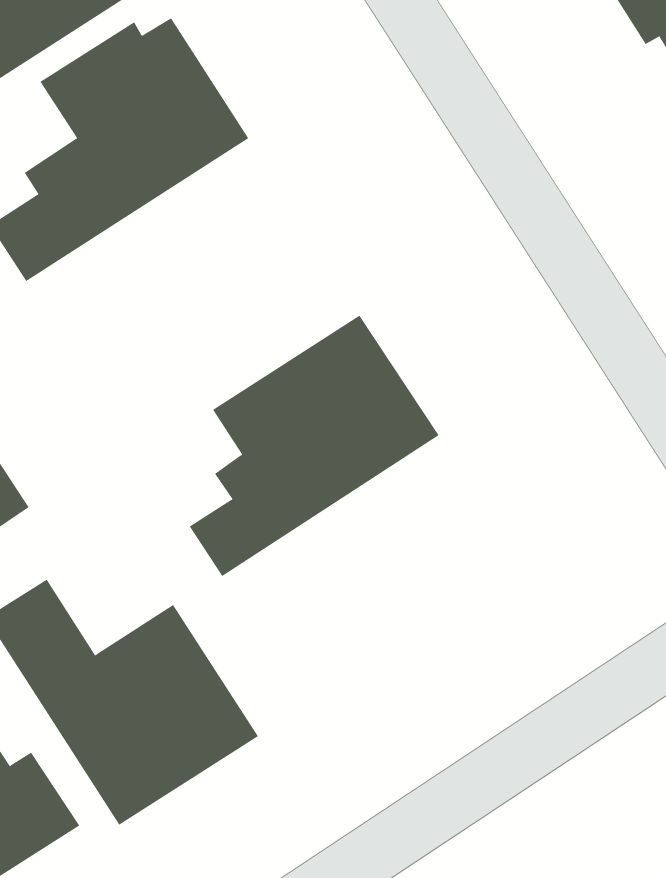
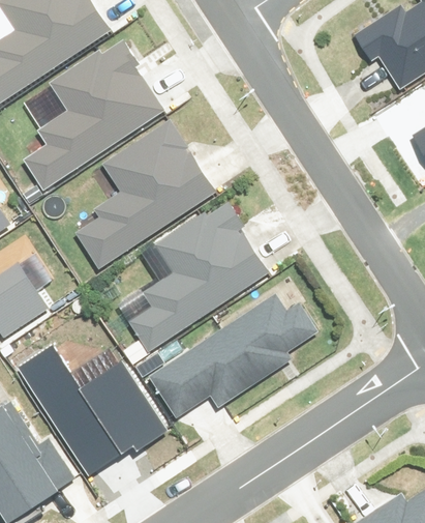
building: none -> [77,124,213,266]
building: none -> [152,296,314,414]

